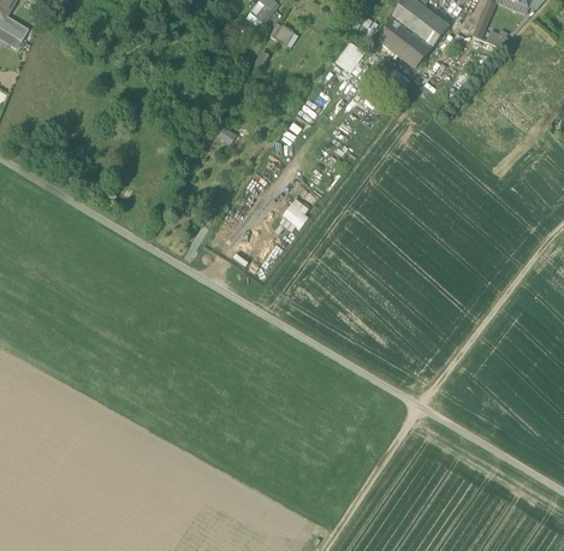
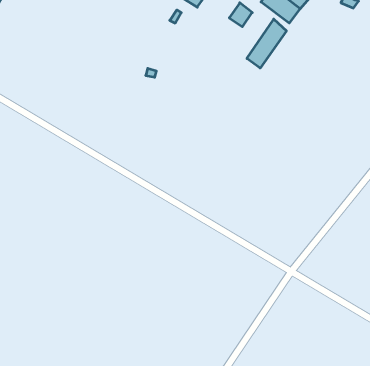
building: none -> [247,19,286,68]

